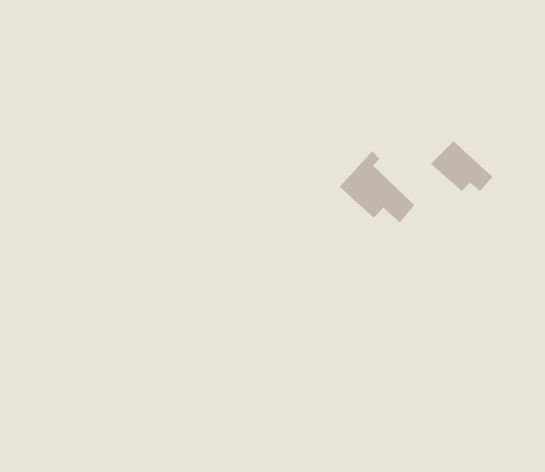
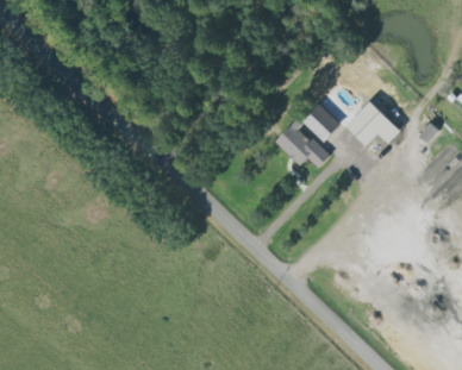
building: none -> [306,104,343,140]

